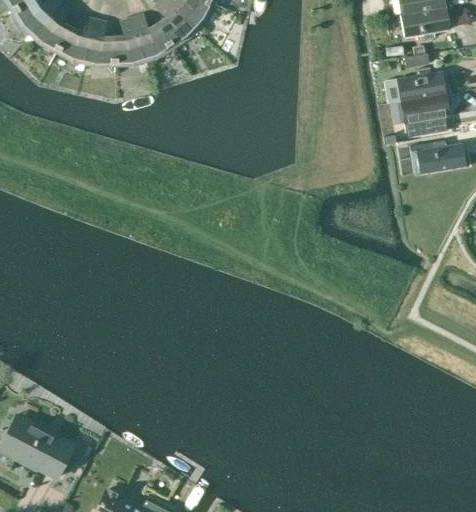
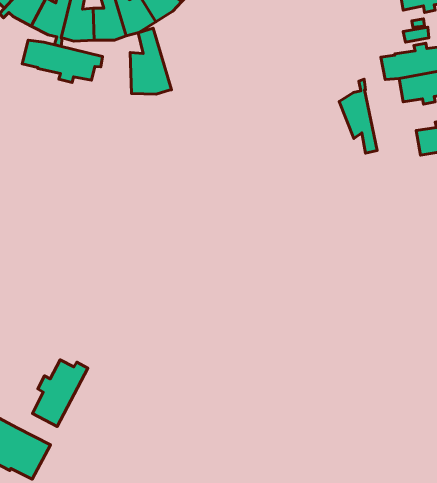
building: none -> [130,28,171,94]
building: none -> [22,40,102,82]
building: none -> [339,79,377,153]
building: none -> [32,360,88,427]

